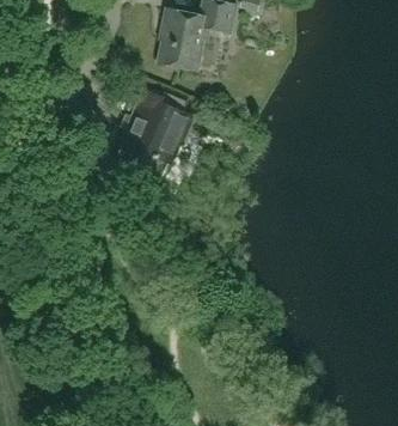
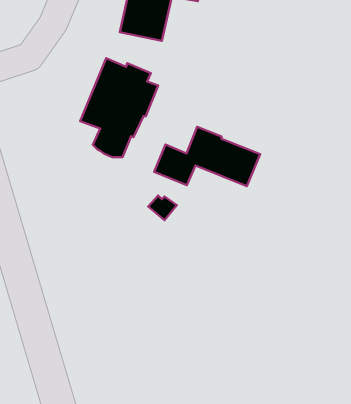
building: none -> [154,127,260,186]

